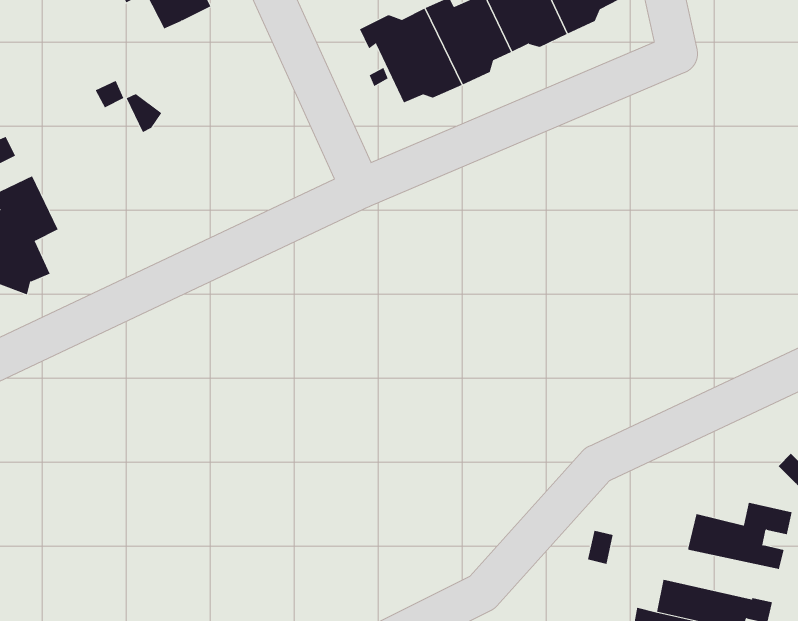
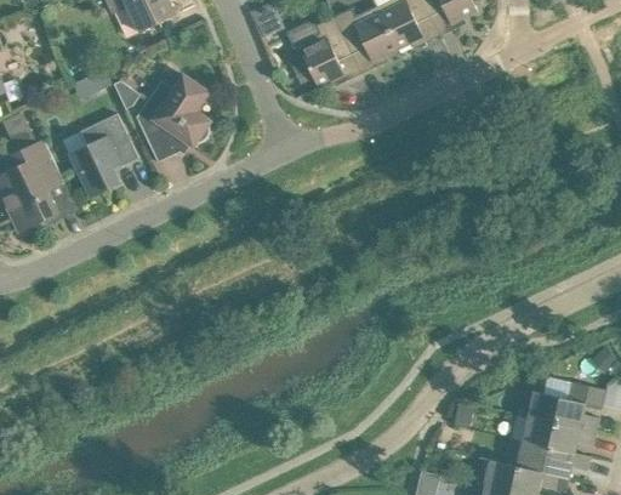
building: none -> [135,73,210,161]
building: none -> [68,114,137,198]
building: none -> [508,414,594,454]

